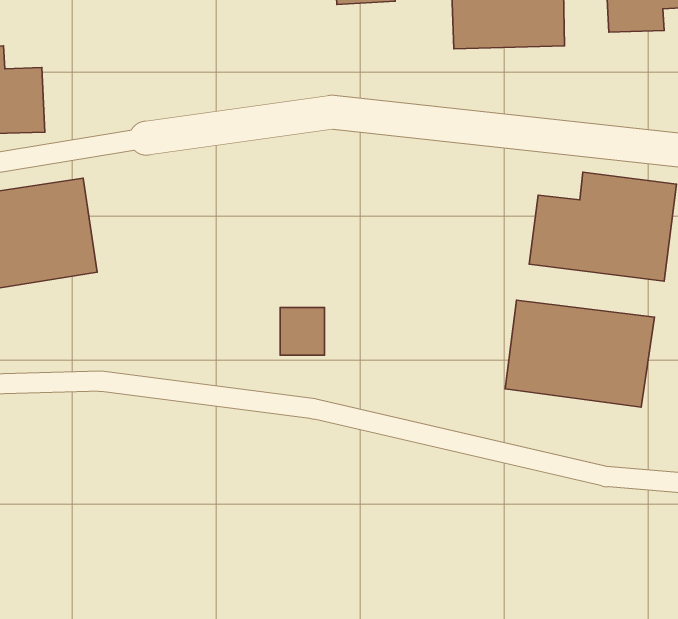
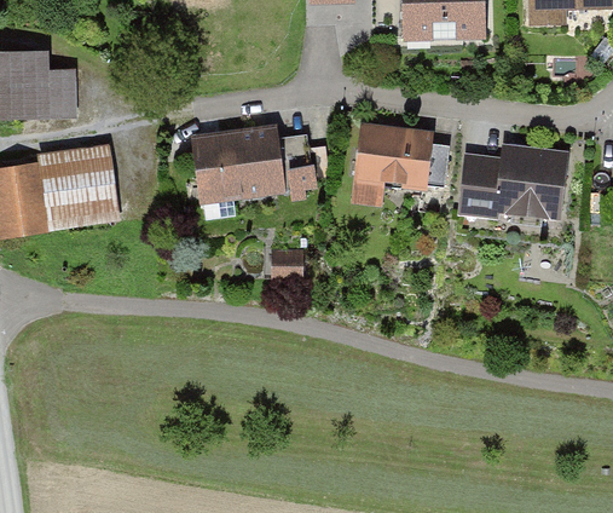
building: none -> [190,123,318,204]
building: none -> [349,123,435,208]
building: [505,300,654,407] -> none

